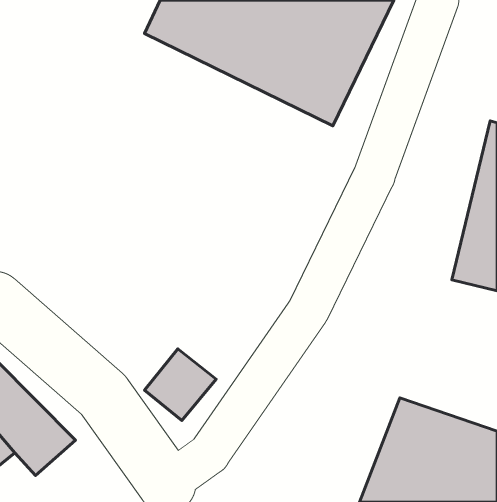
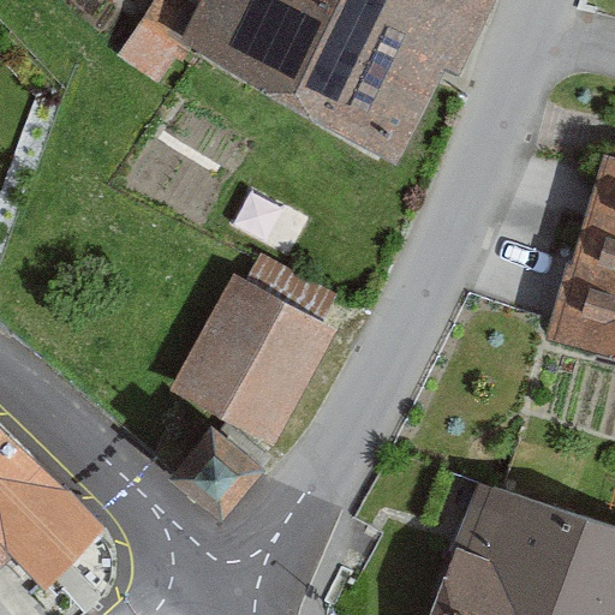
building: none -> [179,275,336,438]

